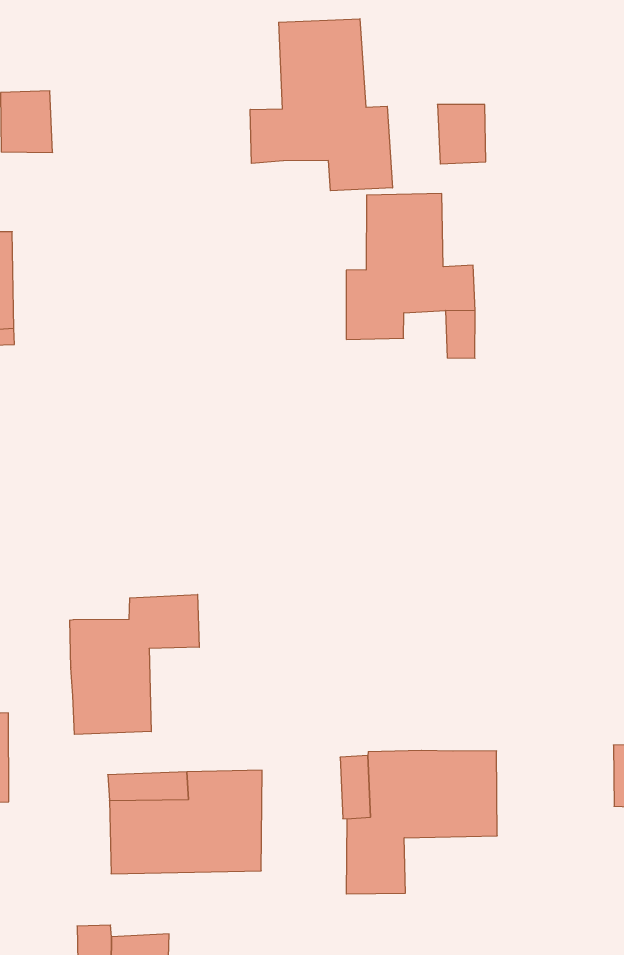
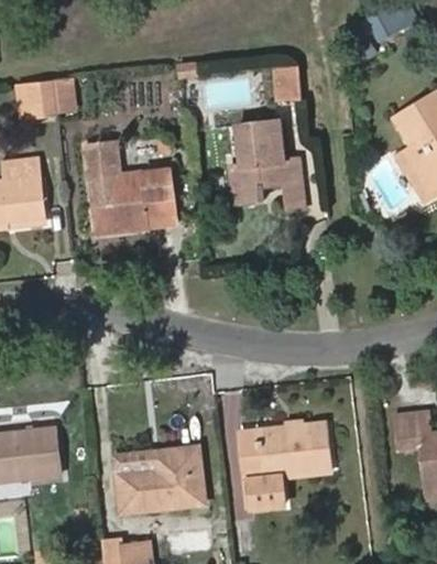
building: [250,19,392,191] -> none
building: none -> [79,141,167,234]
building: [70,594,199,734] -> none

